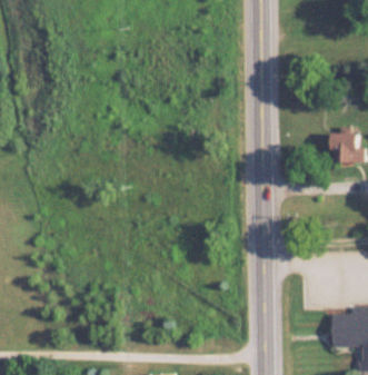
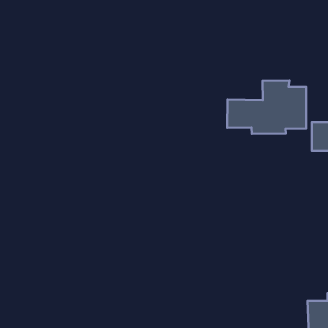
building: none -> [227,81,306,134]

